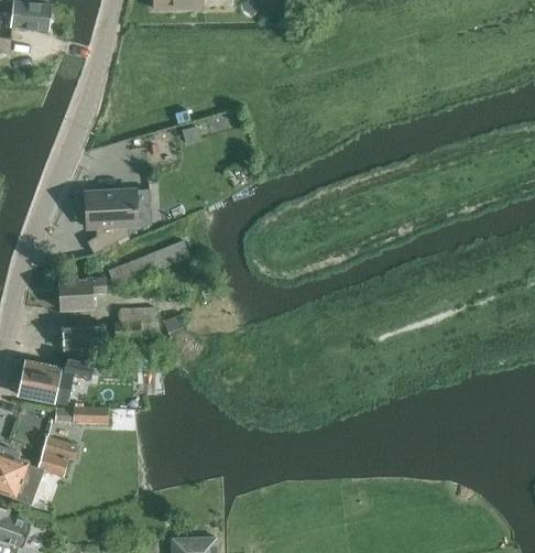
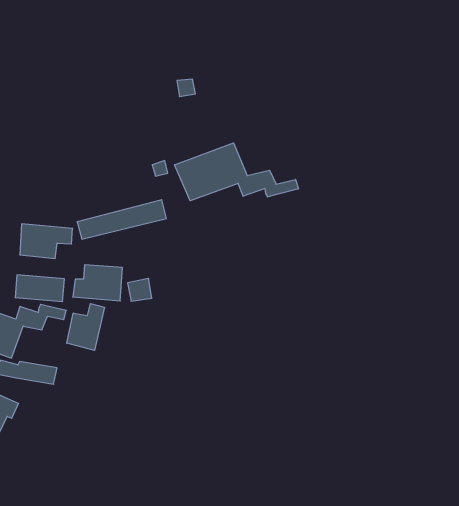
building: none -> [175,143,298,201]
building: [84,191,137,254] -> none
building: none -> [67,304,104,350]

